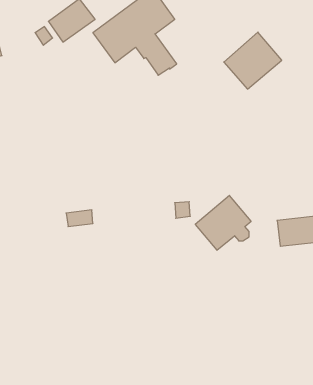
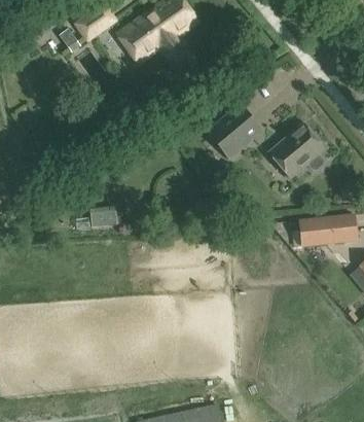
building: [224,32,282,89] -> [207,103,264,160]
building: [195,195,251,250] -> [268,124,324,178]

